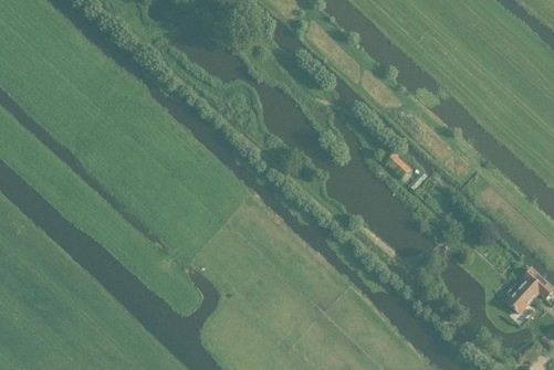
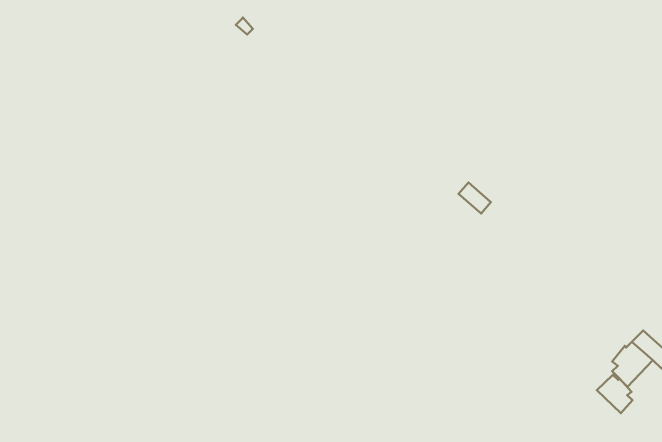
building: none -> [597,375,633,413]

